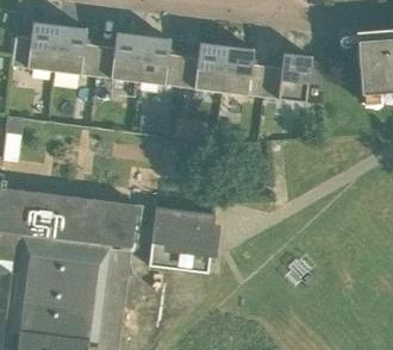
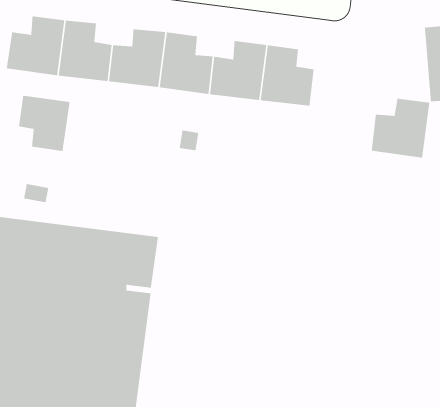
building: [262,52,311,102] -> [371,98,430,158]
building: none -> [18,95,71,152]
building: [148,206,214,273] -> none

